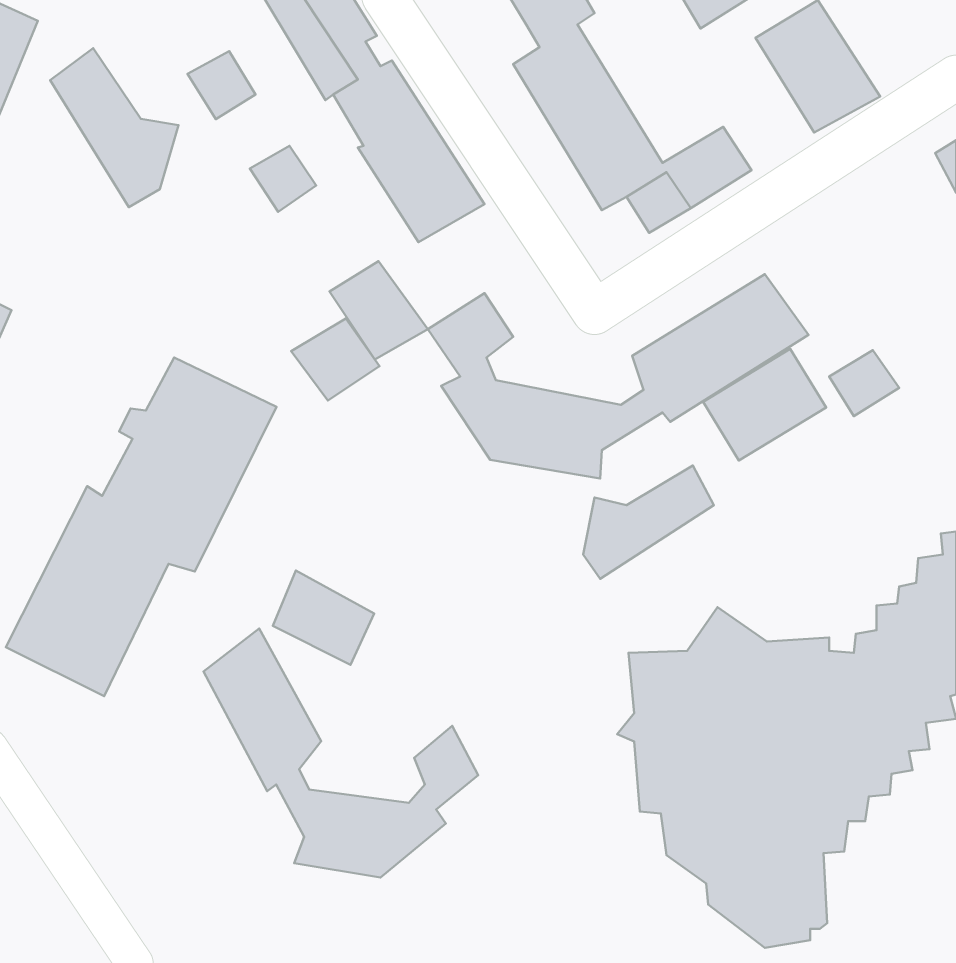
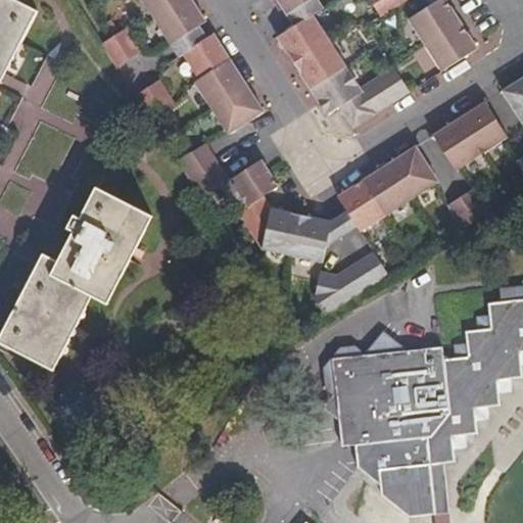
building: [50,48,179,207] -> none
building: [291,319,379,400] -> none
building: [703,349,826,460] -> [435,106,502,167]
building: [273,570,374,665] -> none
building: [203,628,478,877] -> none

